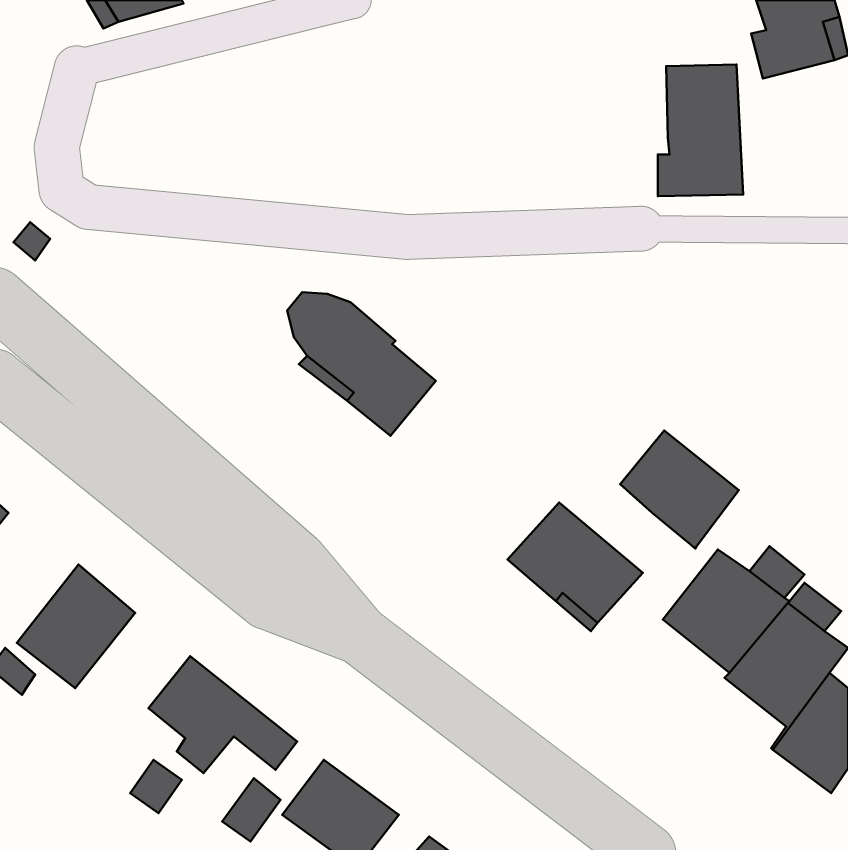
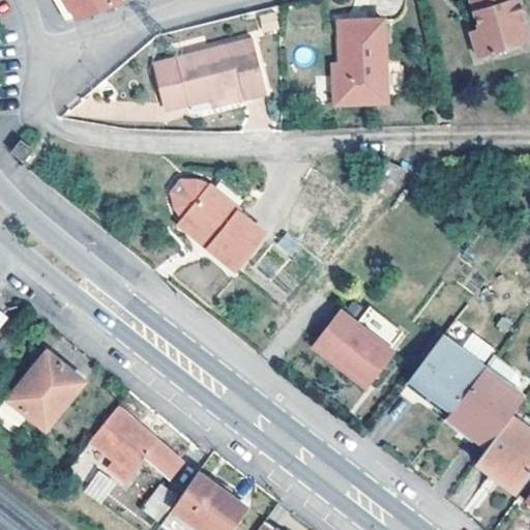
building: none -> [153,37,263,108]
building: [658,64,743,196] -> [329,18,382,99]
building: [620,431,739,549] -> none

